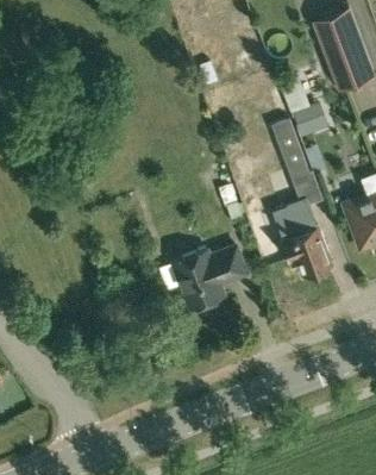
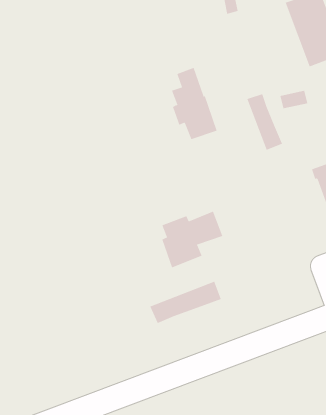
building: [282,199,332,277] -> [171,67,217,140]
building: none -> [150,281,222,324]

